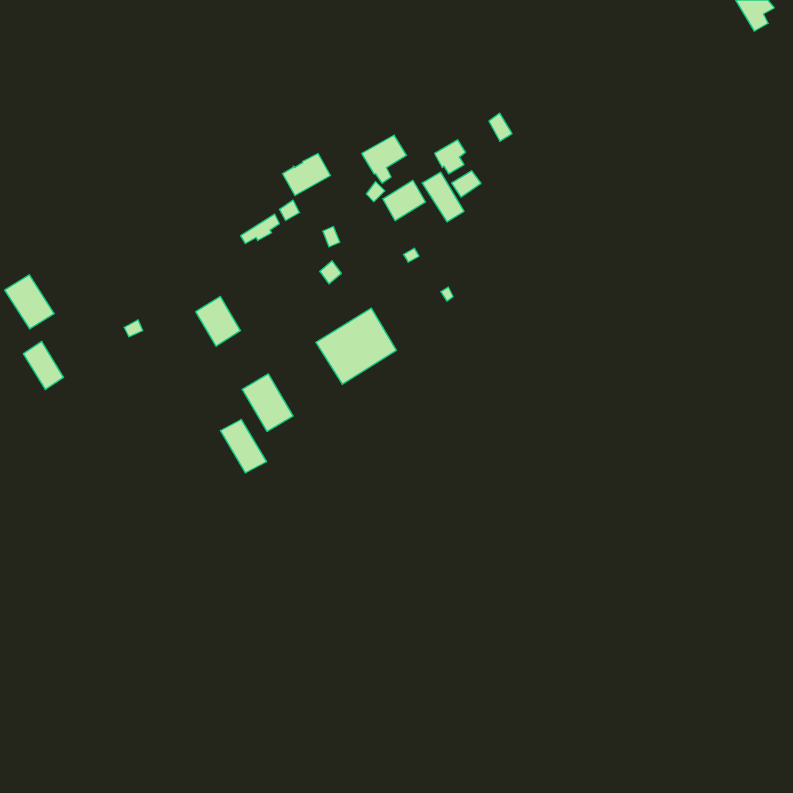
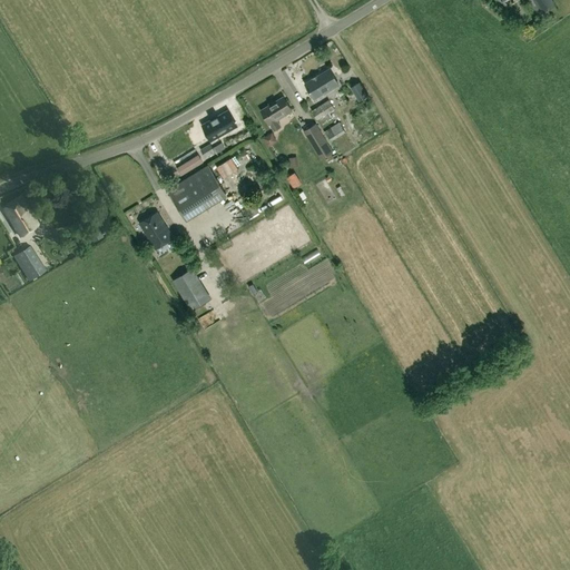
building: none -> [305,69,338,99]
building: [383,180,425,221] -> none
building: [316,308,396,384] -> [168,166,226,220]
building: [220,419,266,473] -> none

